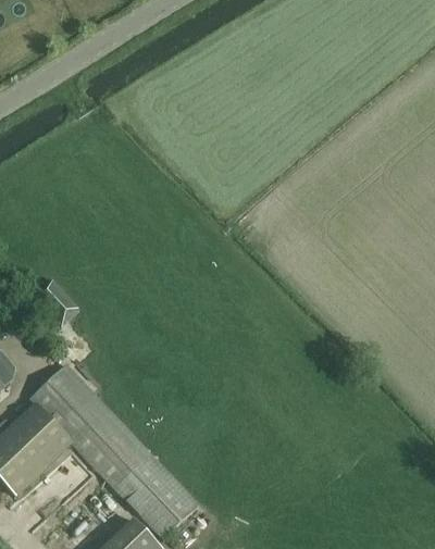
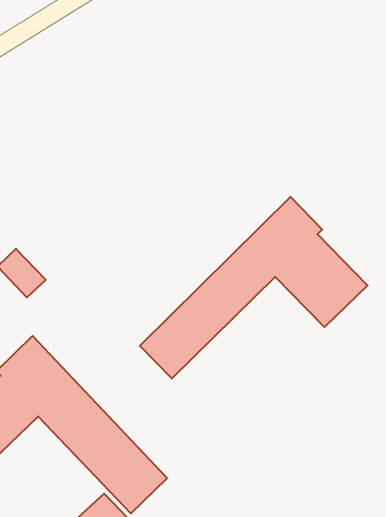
building: none -> [140,197,368,379]

